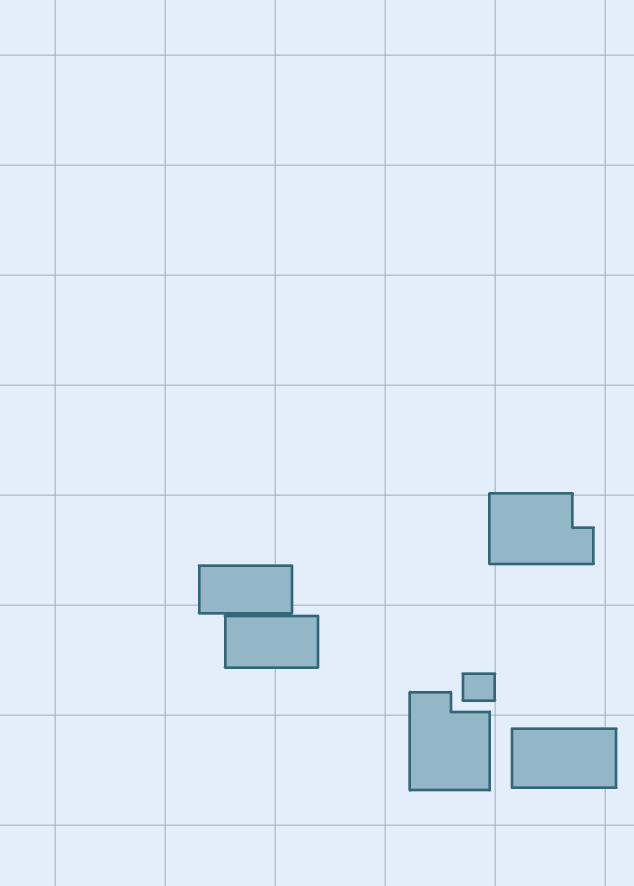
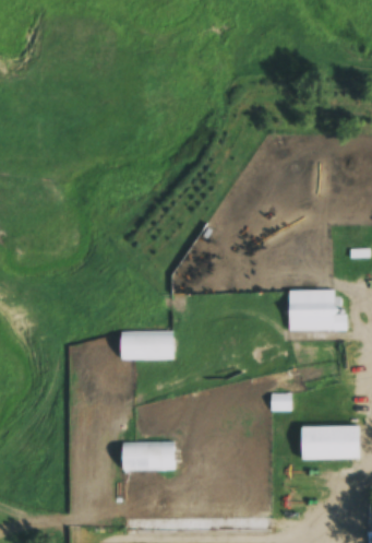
building: [225,616,318,667] -> [122,441,176,471]
building: [410,692,490,790] -> none

